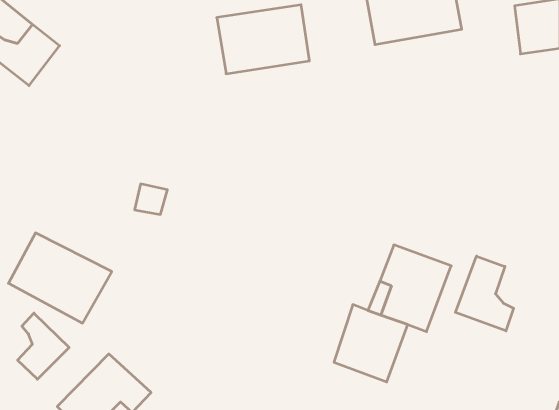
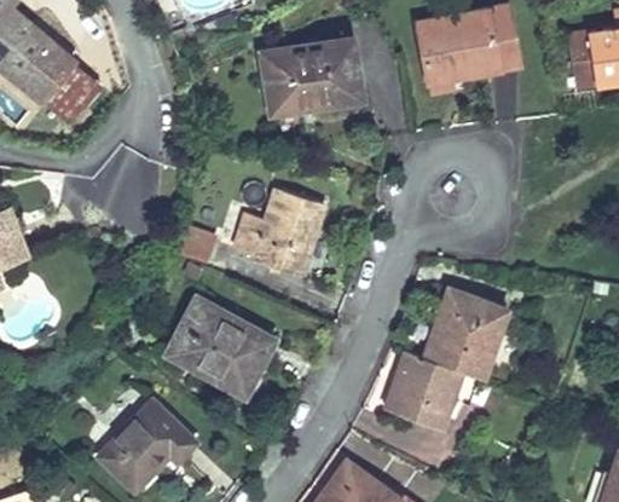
building: none -> [231,189,322,273]
building: [8,233,112,323] -> [169,296,276,390]
building: [455,256,514,331] -> none
building: [18,313,69,379] -> none

